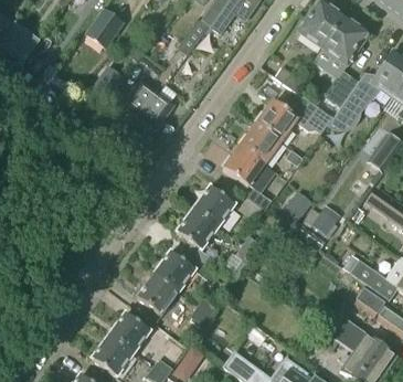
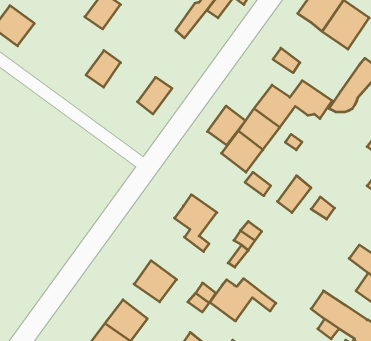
building: [325,71,359,107] -> none
building: [123,79,158,117] -> none
building: none -> [207,106,246,145]
building: [193,187,235,226] -> none
building: [153,251,219,293] -> [210,279,276,321]

